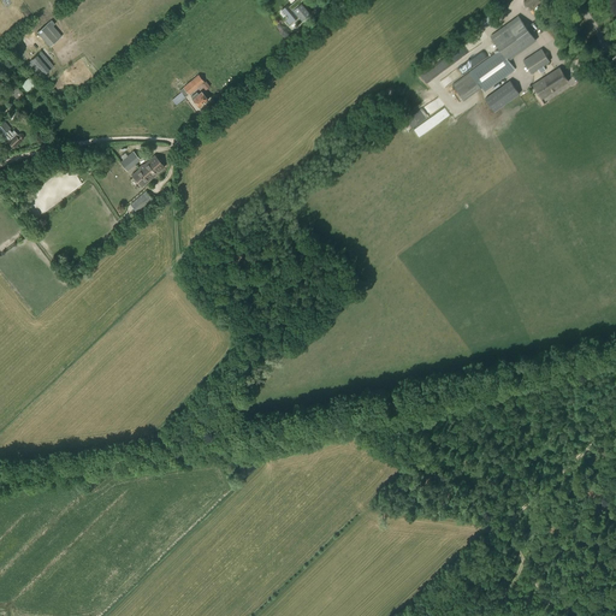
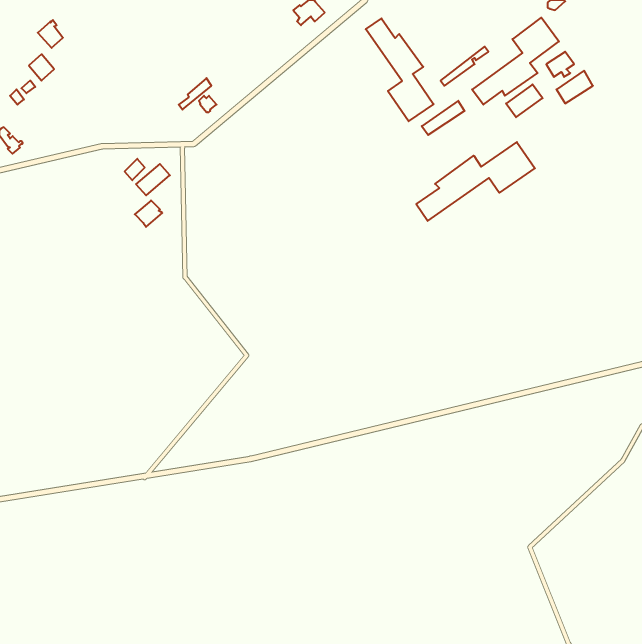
building: none -> [366,18,434,121]
building: none -> [416,142,535,221]

